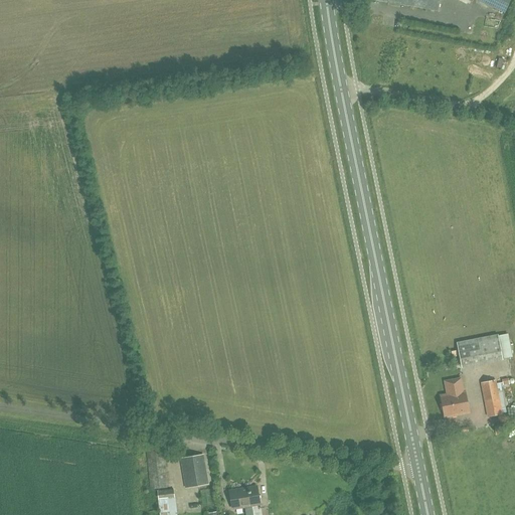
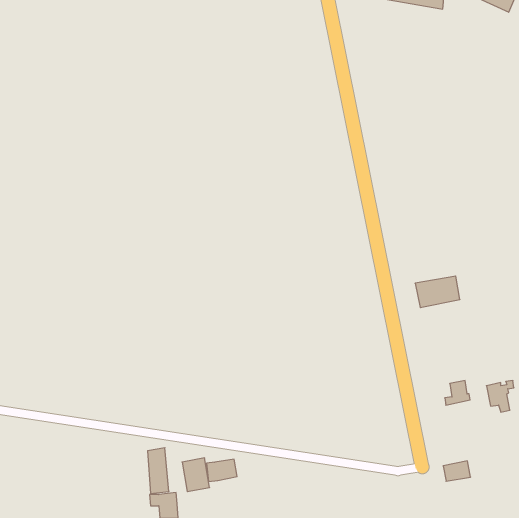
building: [457,334,501,365] -> [415,276,460,308]
building: [441,395,468,415] -> [443,461,471,481]
building: [229,485,260,507] -> [207,459,237,482]

